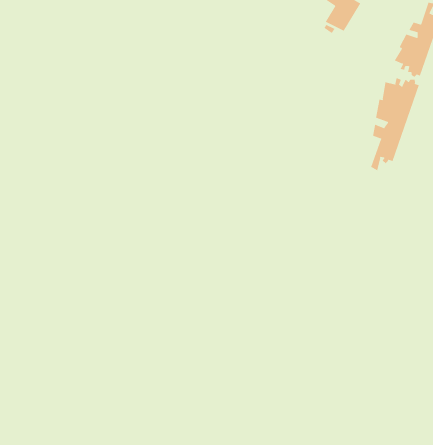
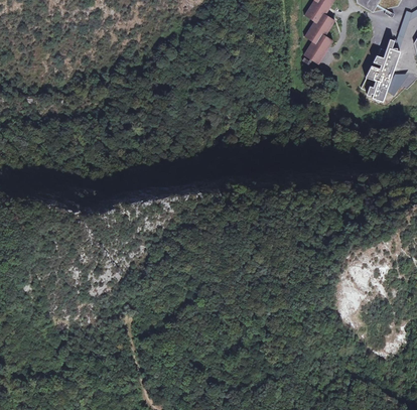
building: [371,77,419,171] -> none

